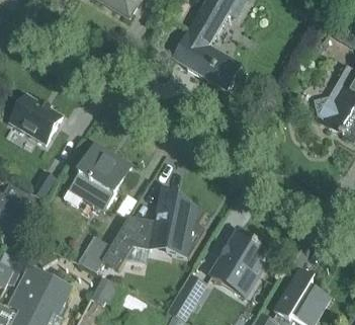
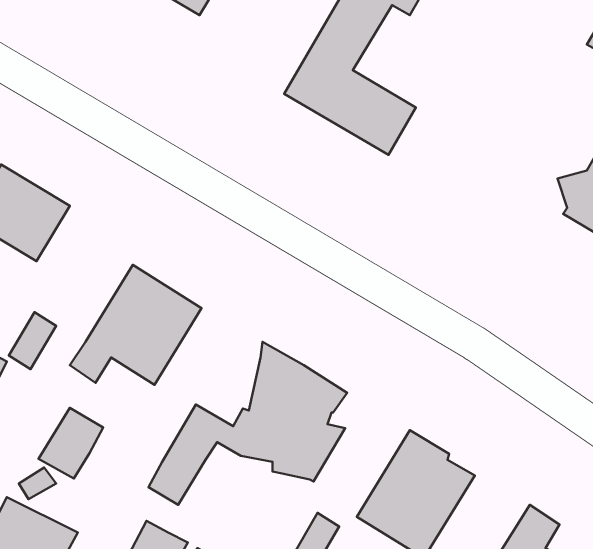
building: [77,236,110,272] -> [38,408,103,479]

